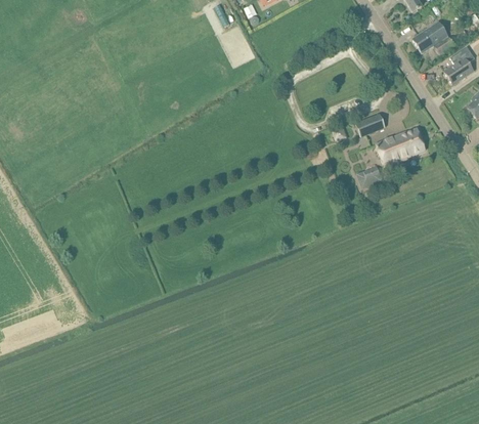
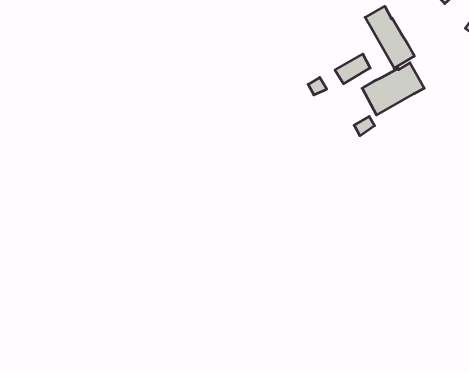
building: none -> [365,6,414,68]

